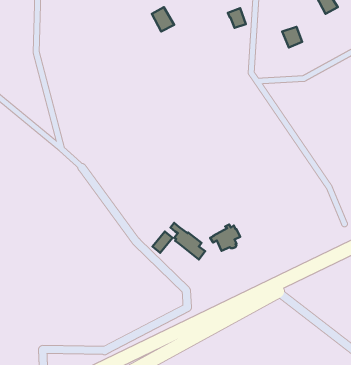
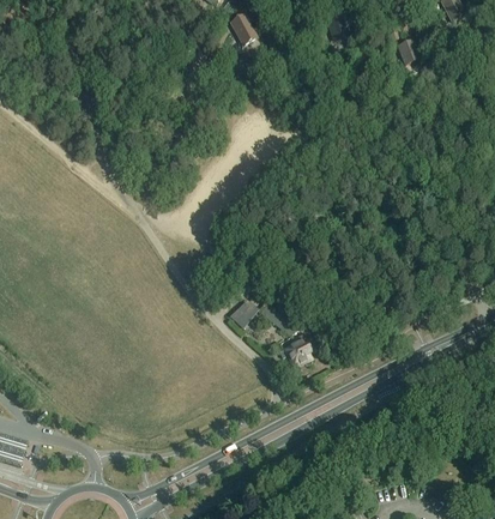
building: [210,225,240,251] -> [279,336,318,369]

